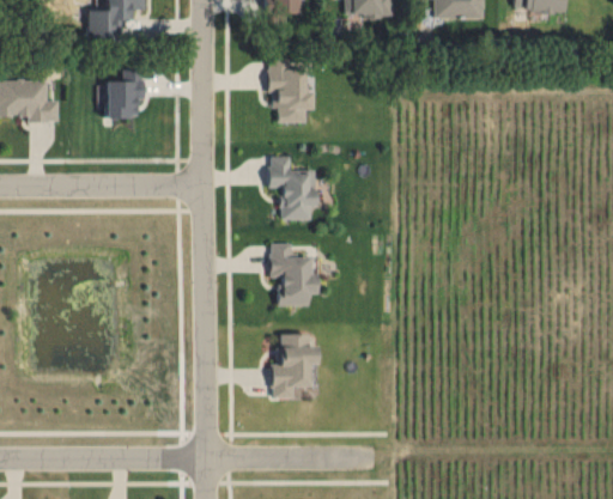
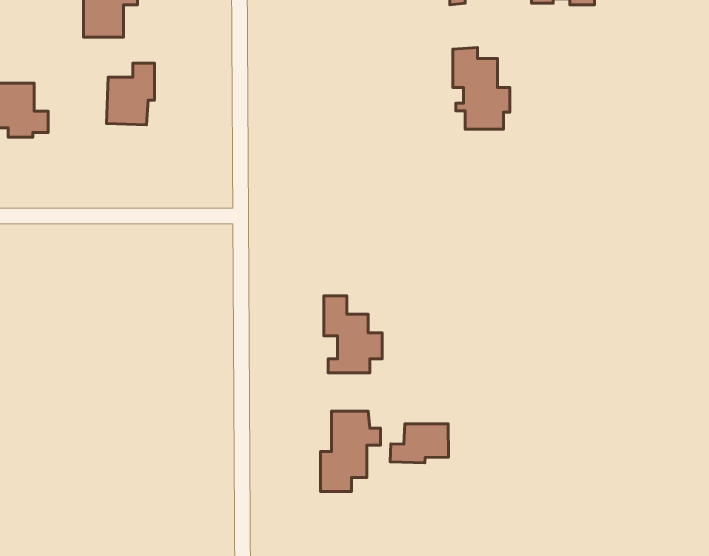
building: [269,61,314,124] -> [453,48,510,129]
building: [268,159,316,223] -> none
building: none -> [390,424,448,463]

